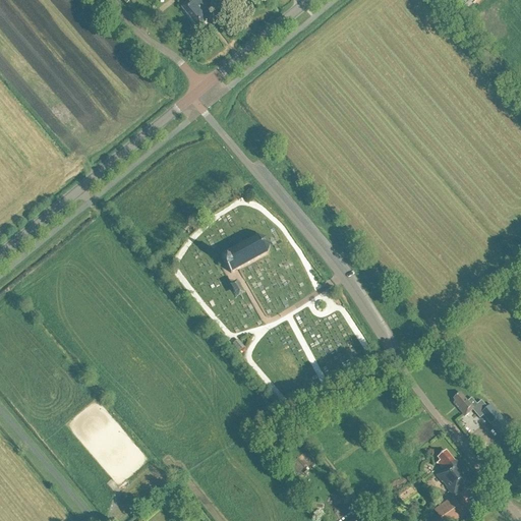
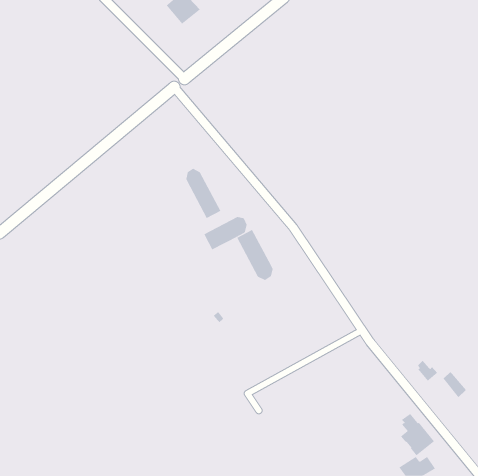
building: none -> [186,168,221,219]
building: none -> [237,229,273,281]

